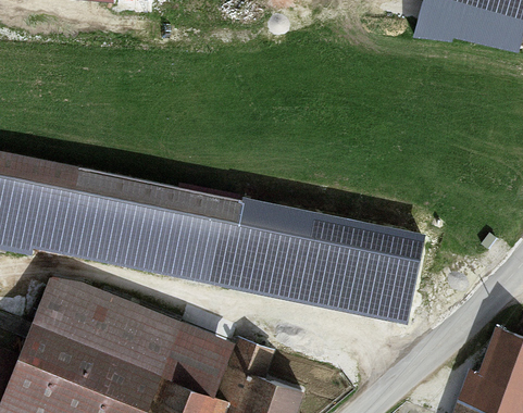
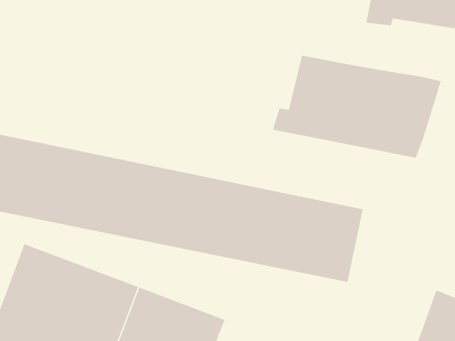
building: none -> [272,55,442,159]

